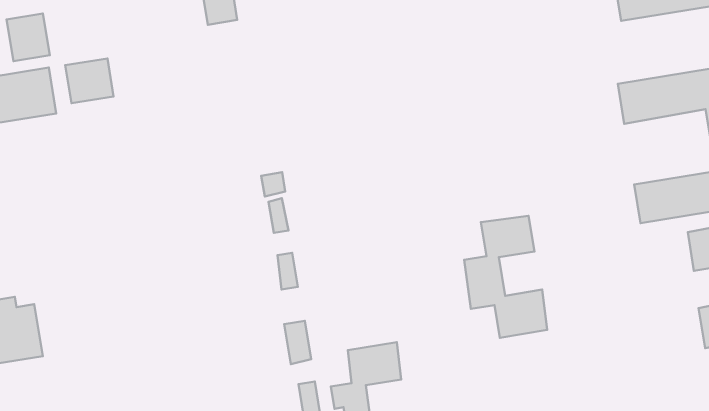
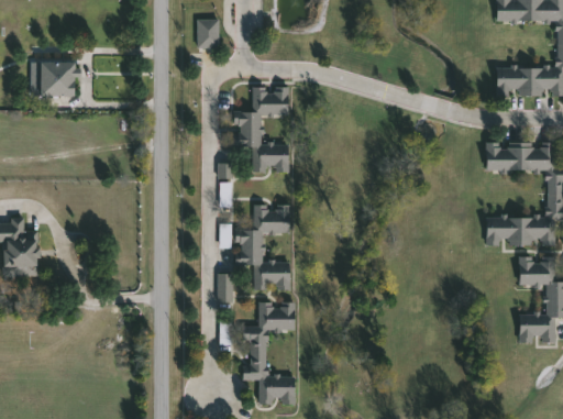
building: [7,14,50,61] -> none
building: none -> [233,87,289,173]
building: [65,58,114,103] -> none
building: [464,216,547,338] -> [236,205,290,290]

